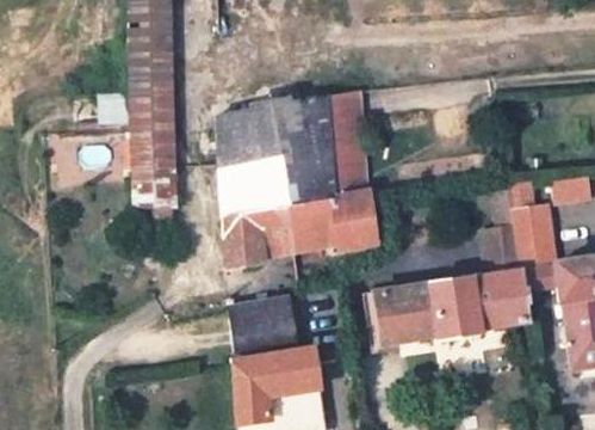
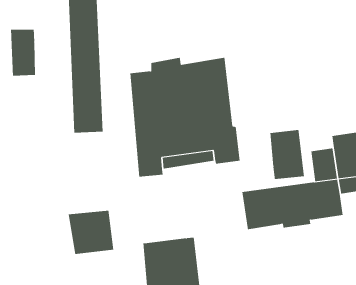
building: none -> [10,29,35,76]
building: none -> [270,129,304,180]
building: [230,299,298,364] -> [68,210,114,255]

